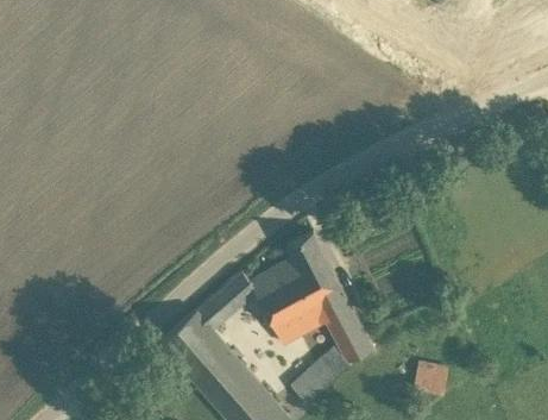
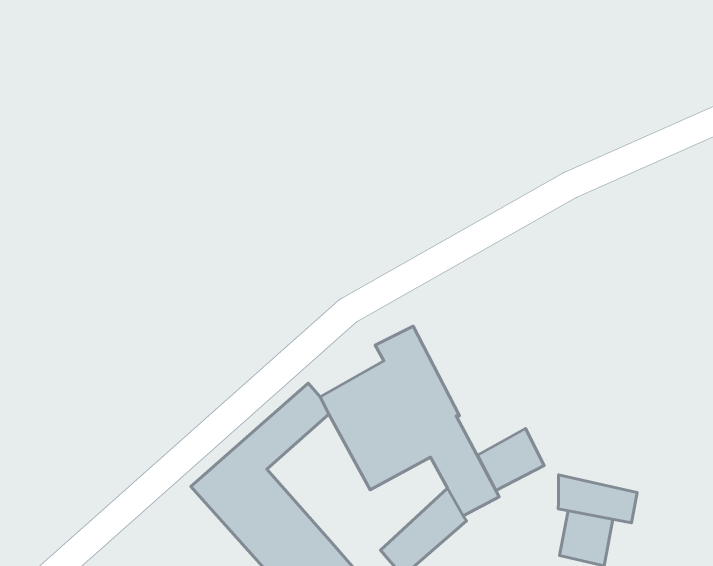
building: none -> [478,429,544,491]
building: none -> [558,475,637,523]

